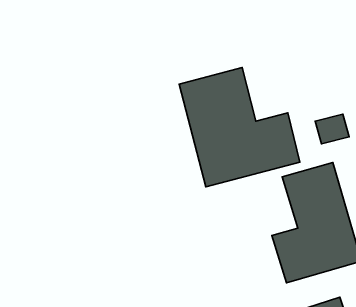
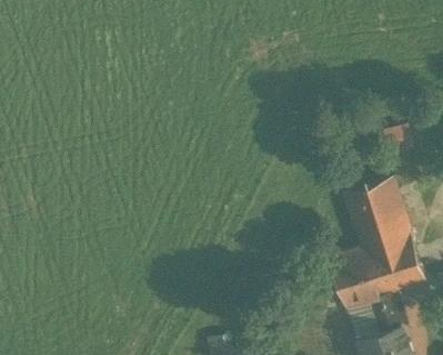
building: [179,68,300,187] -> none

